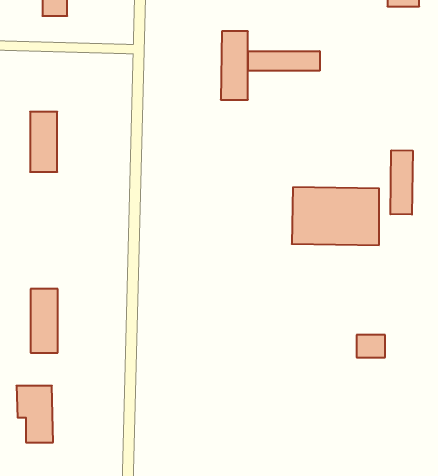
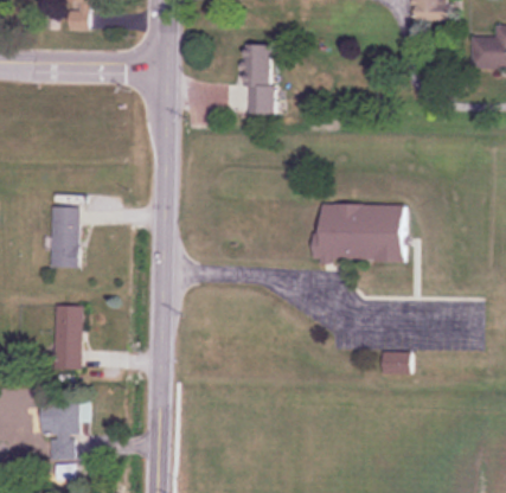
building: [248,51,320,71] -> none
building: [30,112,57,172] -> [52,206,79,267]
building: [390,150,413,215] -> none

